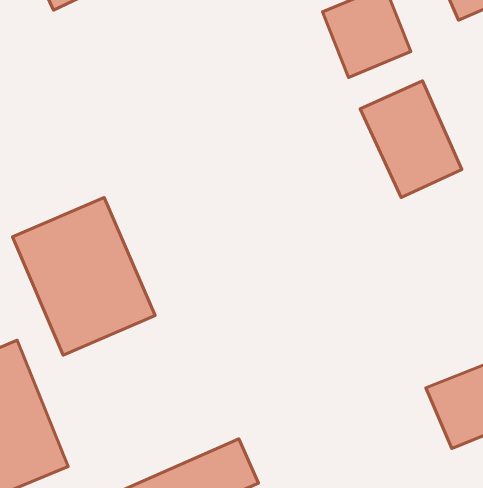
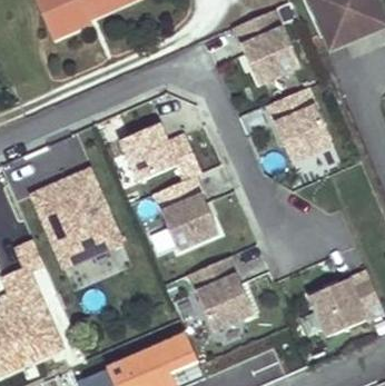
building: none -> [117,123,198,184]
building: none -> [160,191,217,250]
building: none -> [195,270,254,330]

